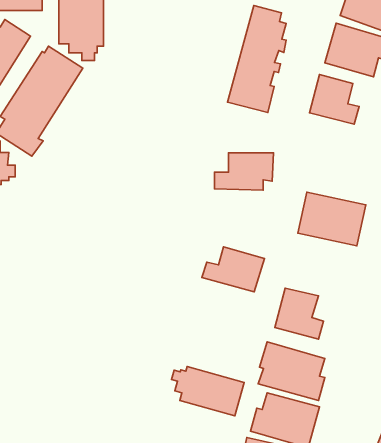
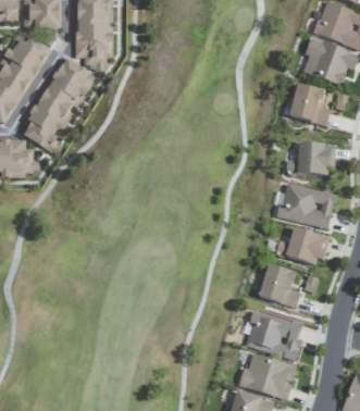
building: [227,6,286,113] -> none
building: [215,153,273,190] -> [286,142,336,174]
building: [202,247,265,292] -> [275,226,328,264]
building: [171,367,244,416] -> none

